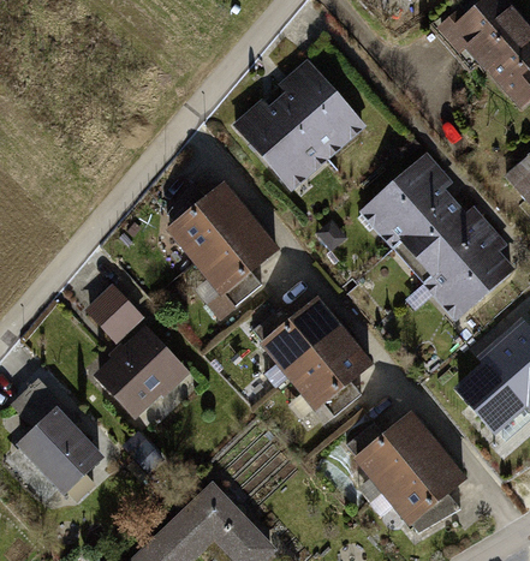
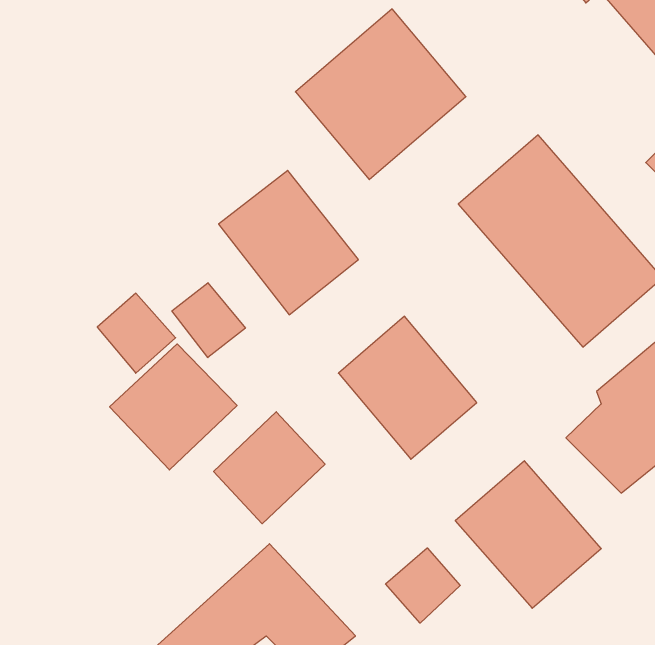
building: none -> [172,283,245,358]
building: none -> [214,412,325,524]
building: [19,410,103,494] -> none
building: none -> [386,548,460,623]

